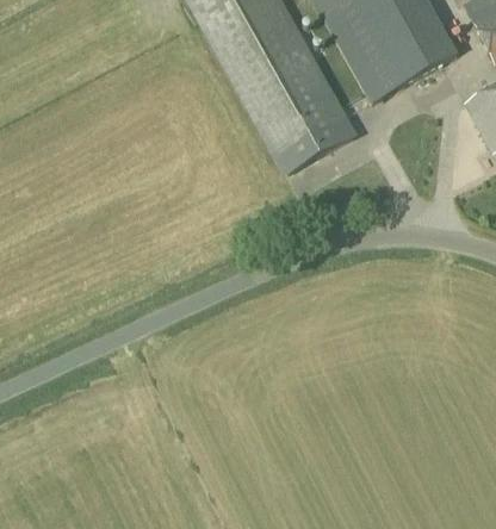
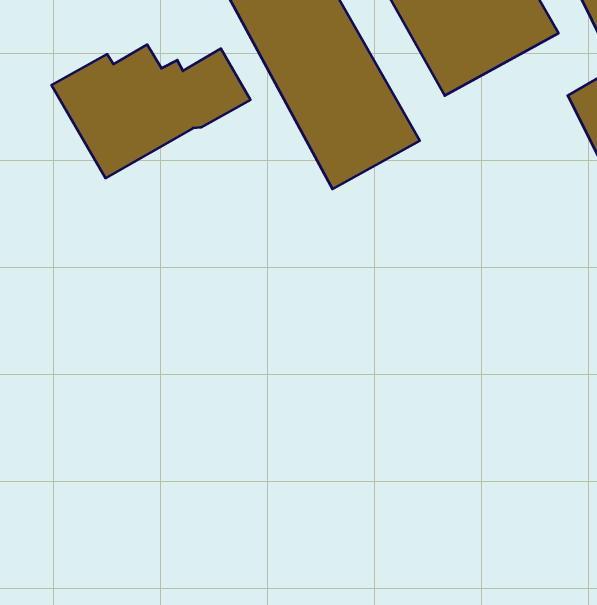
building: none -> [52,45,250,178]

